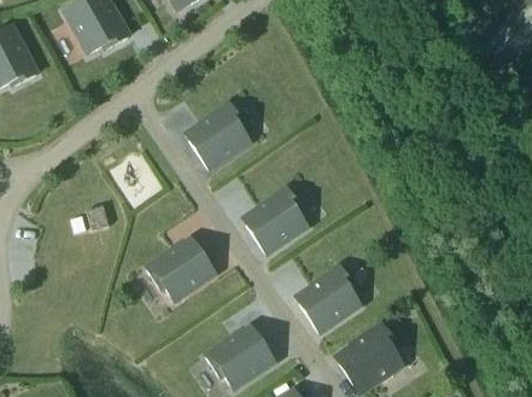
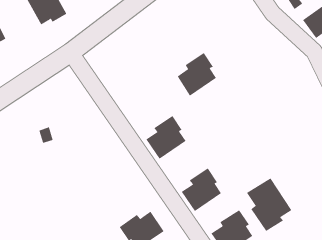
building: [188,101,249,168] -> [177,52,217,96]
building: [145,241,215,299] -> none
building: none -> [246,177,292,232]

